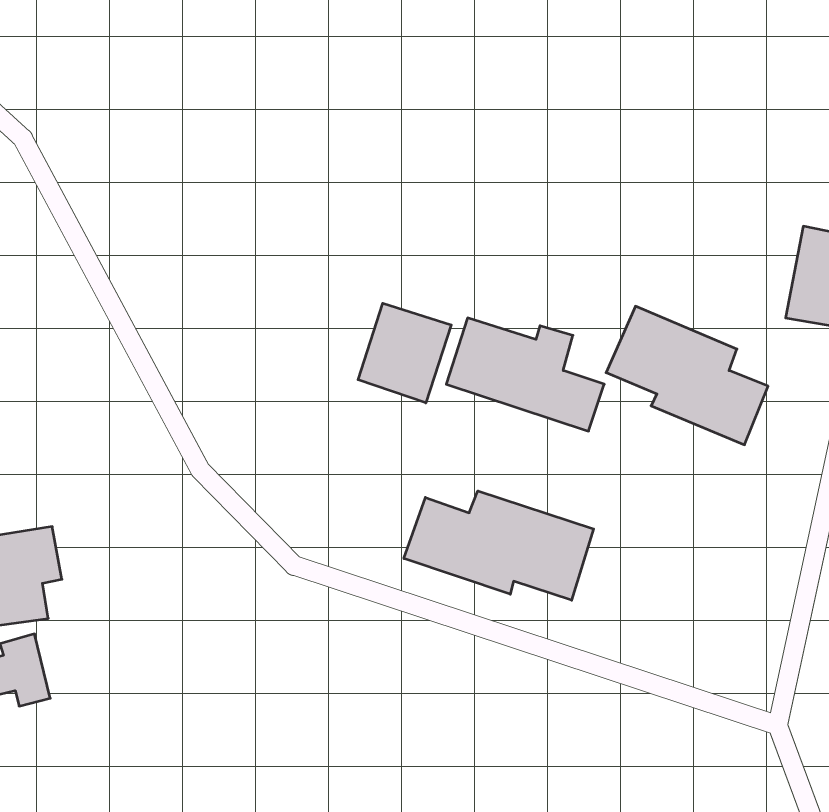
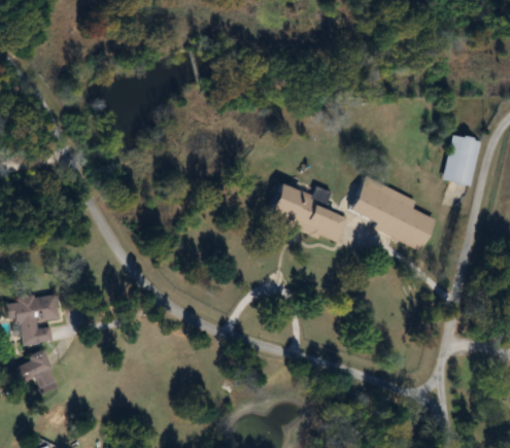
building: [358,303,451,403] -> none
building: [404,491,594,600] -> none

